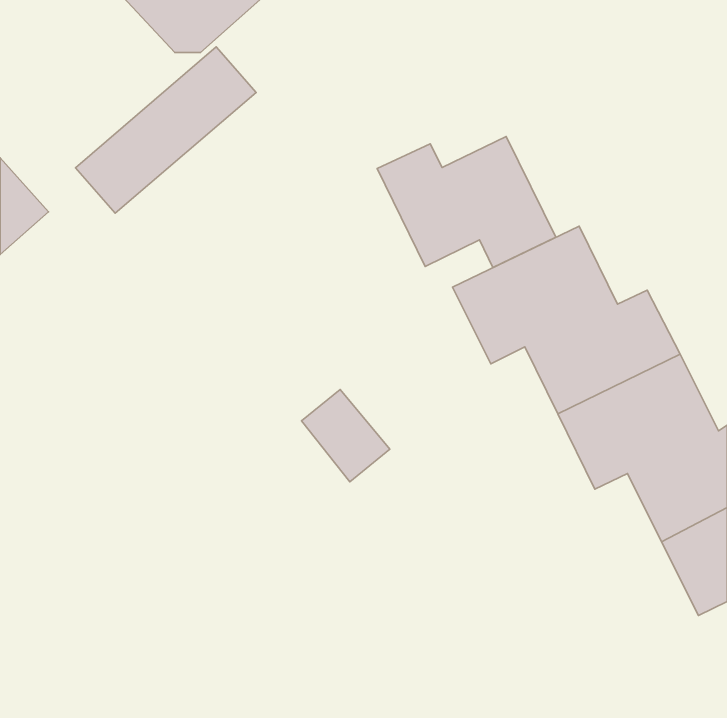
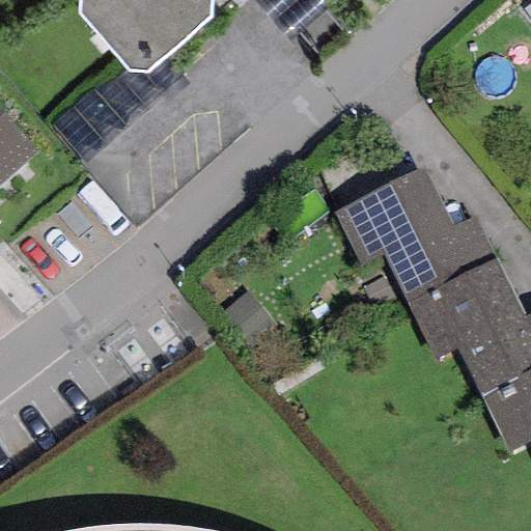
building: [377,136,556,267] -> none

